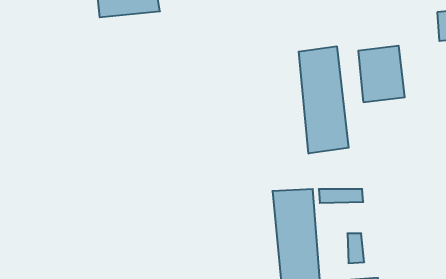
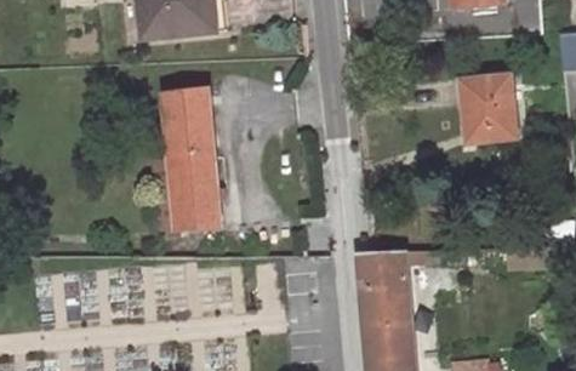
building: [299,46,349,154] -> none
building: none -> [161,89,221,230]

